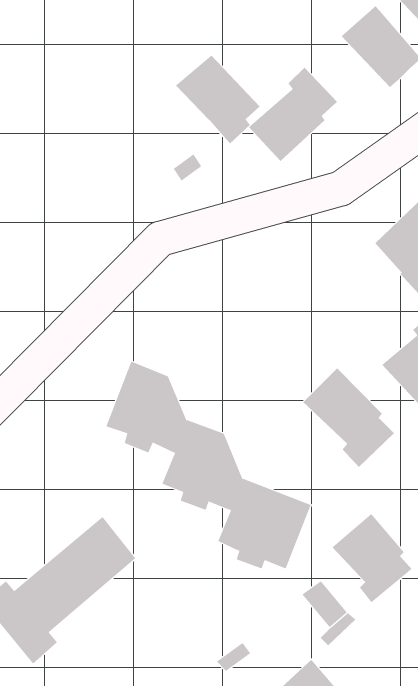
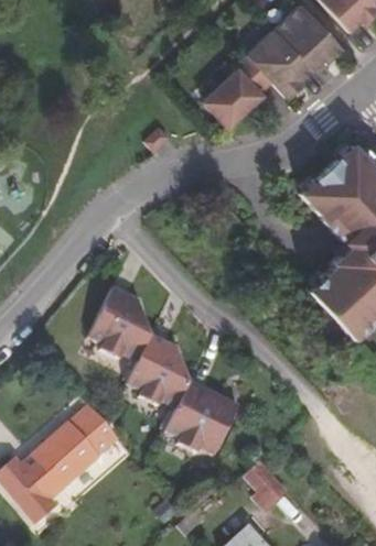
building: [175,55,260,144] -> [247,31,314,101]
building: [303,368,395,468] -> none
building: [332,513,412,603] -> none

